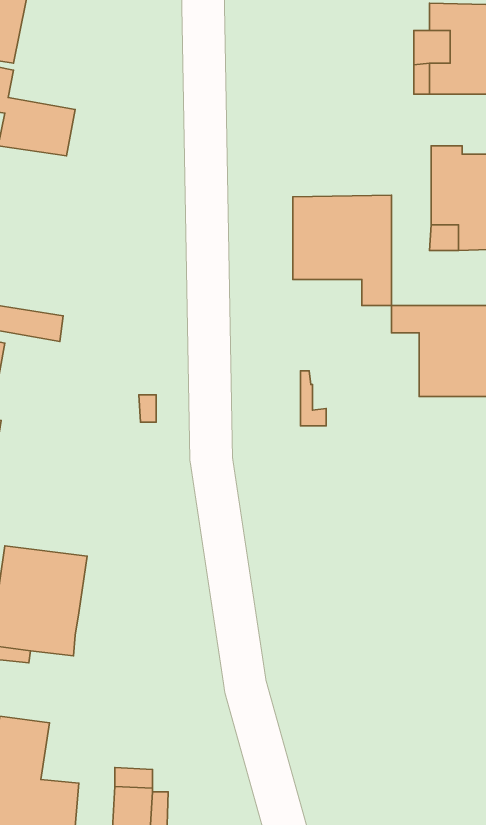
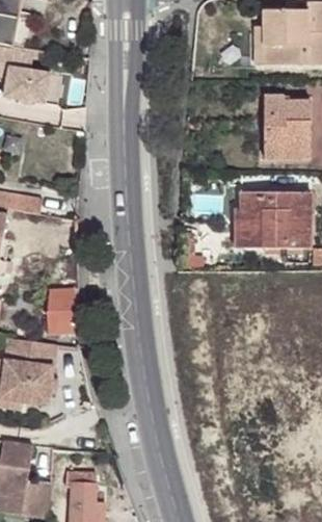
building: [293,195,392,305] -> none
building: none -> [235,208,257,246]
building: none -> [46,287,77,334]

